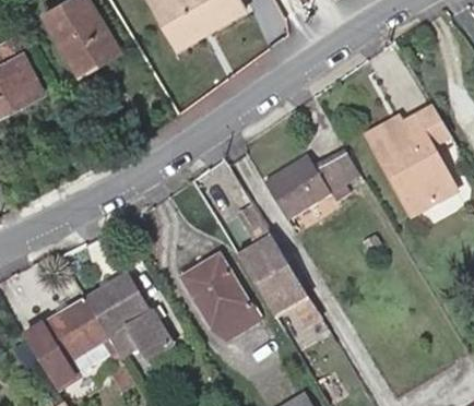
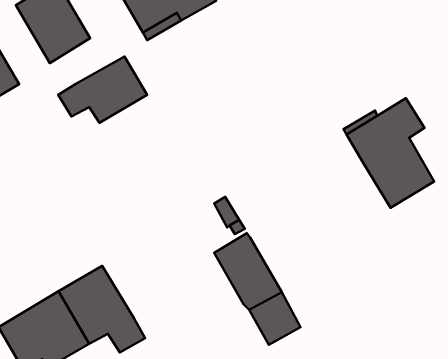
building: none -> [58,56,147,123]
building: [265,153,360,217] -> none
building: [181,254,258,330] -> none

